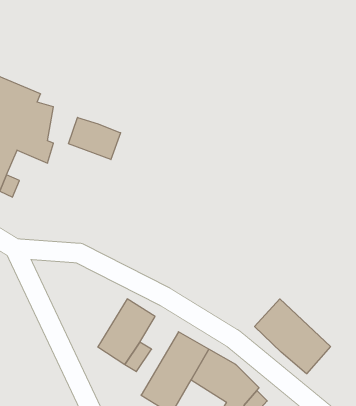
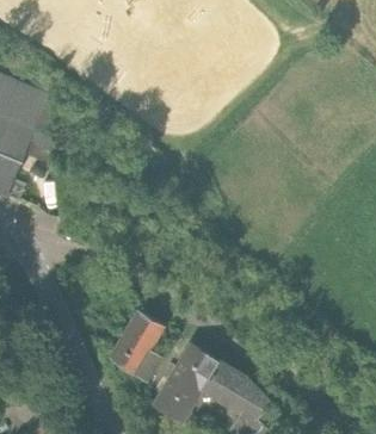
building: [69,117,121,160] -> none
building: [255,299,330,374] -> none

